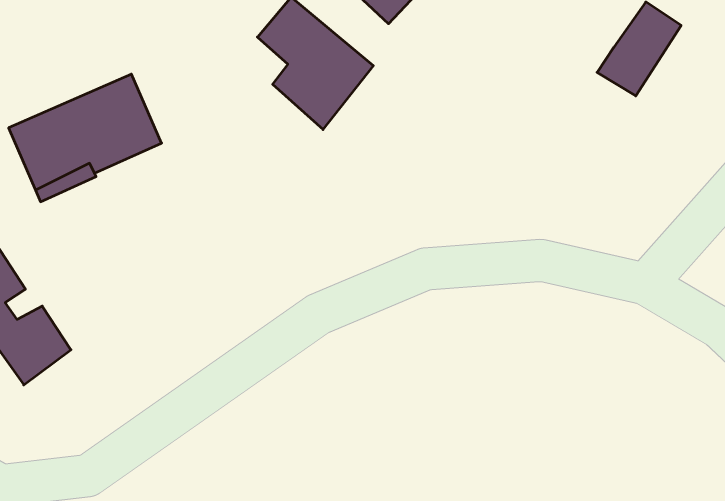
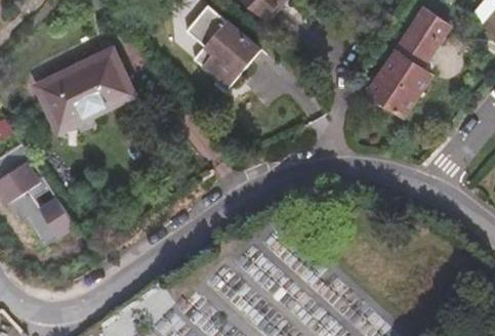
building: none -> [368,52,431,117]

